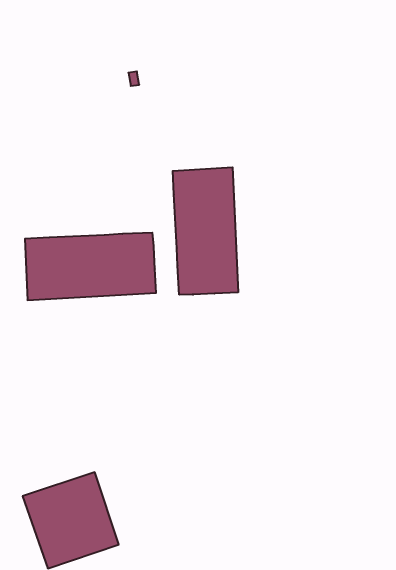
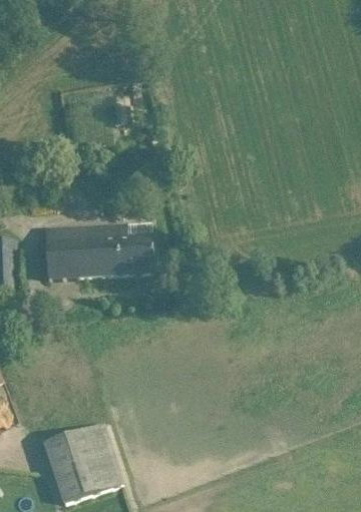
building: [173,167,238,295] -> none

